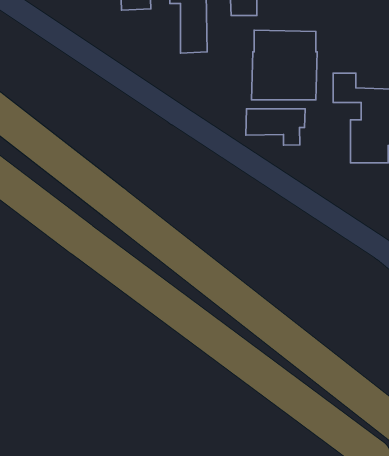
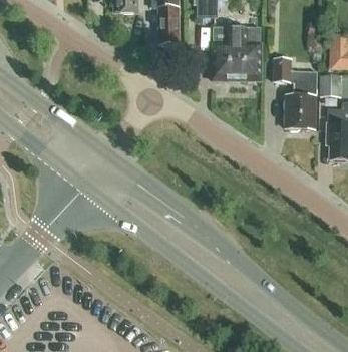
building: [246,109,305,145] -> none

